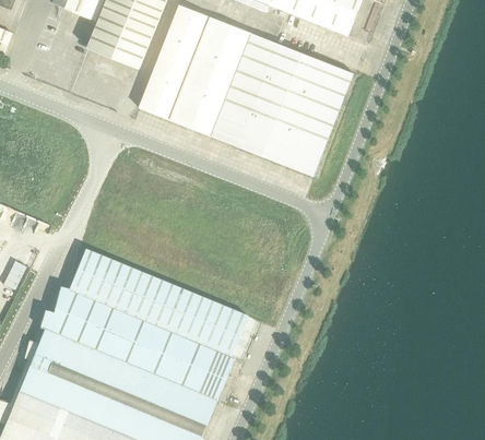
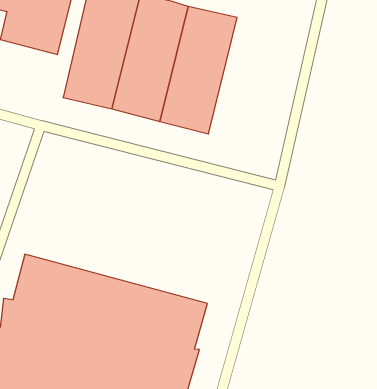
building: [270,57,354,177] -> none

